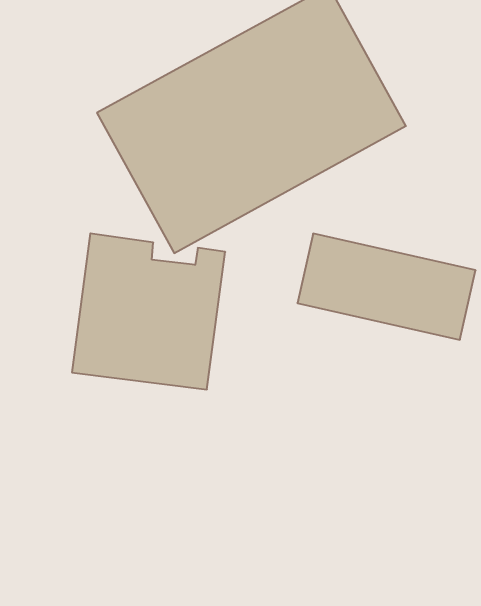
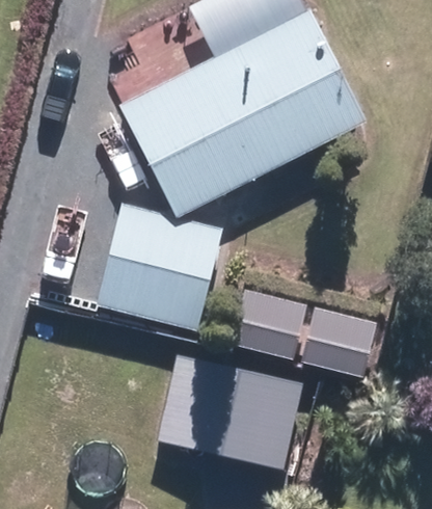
building: [297,234,476,340] -> [233,289,374,373]
building: none -> [169,353,317,471]

